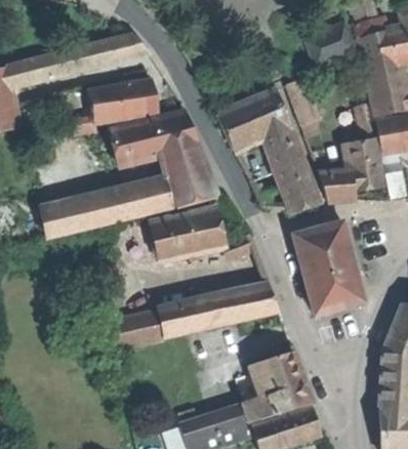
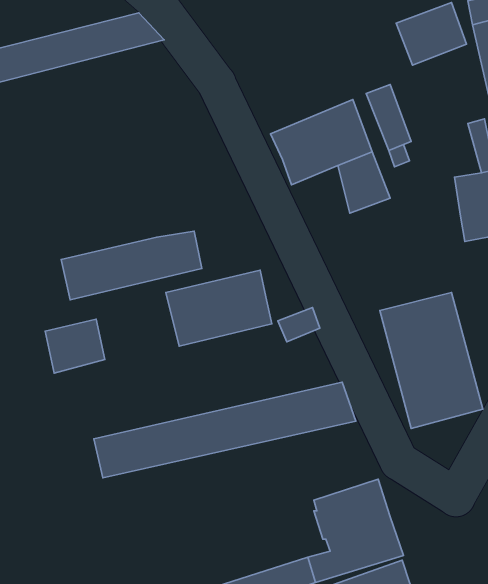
building: [88,77,157,122] -> none
building: [114,111,218,206] -> none
building: [275,158,318,209] -> none
building: [321,170,356,202] -> none
building: [42,200,83,237] -> [45,319,105,373]

